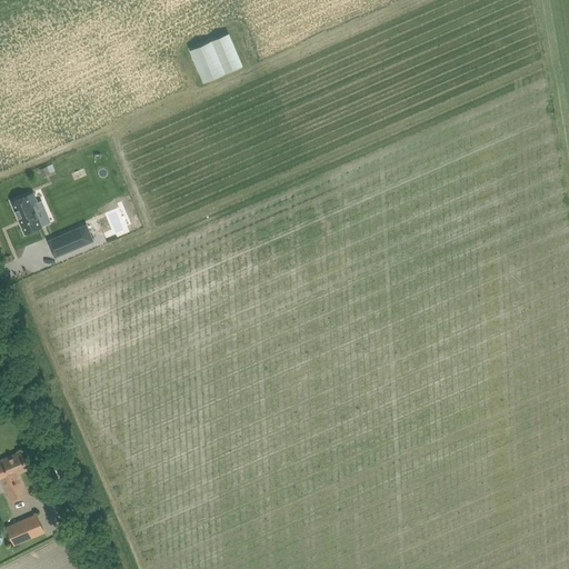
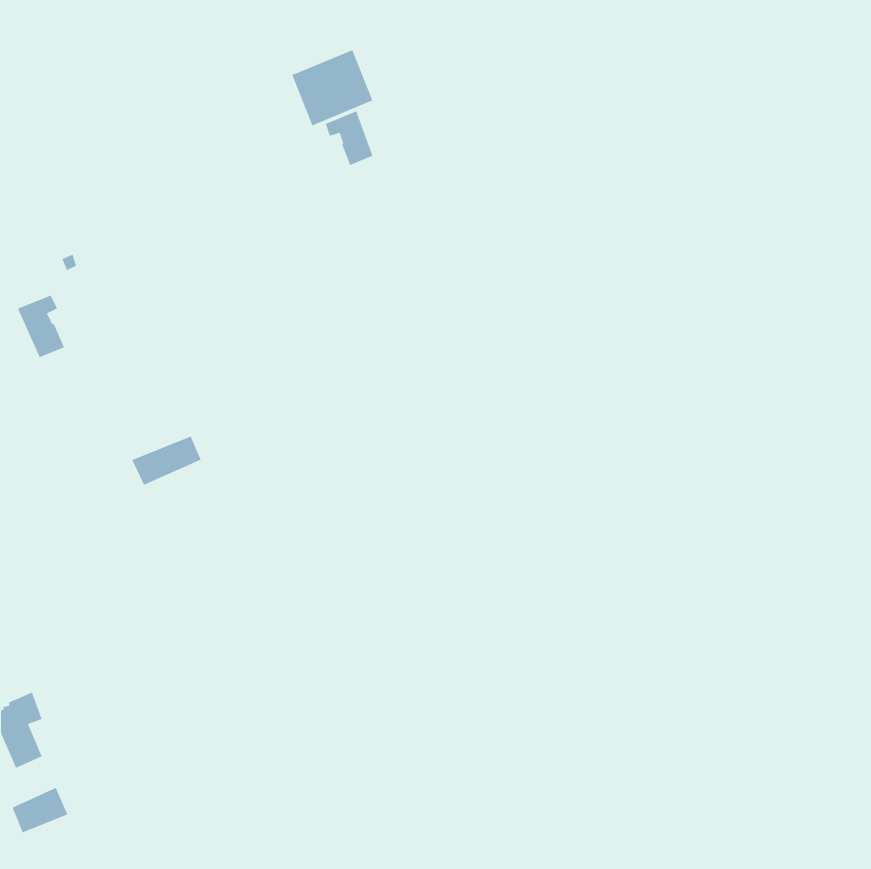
building: none -> [325,111,373,166]
building: [48,226,93,258] -> [132,436,202,485]

